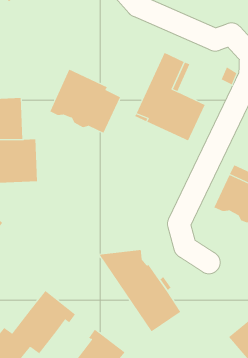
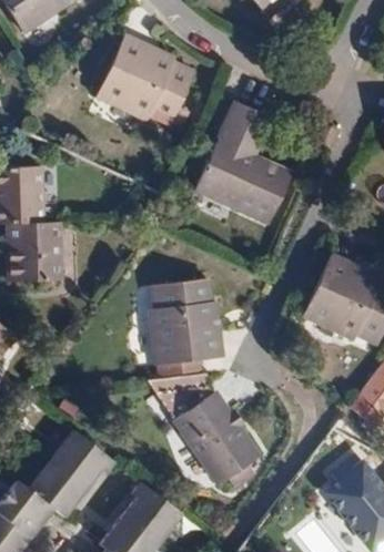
building: [49,69,121,133] -> [98,35,195,124]
building: none -> [150,279,222,365]

